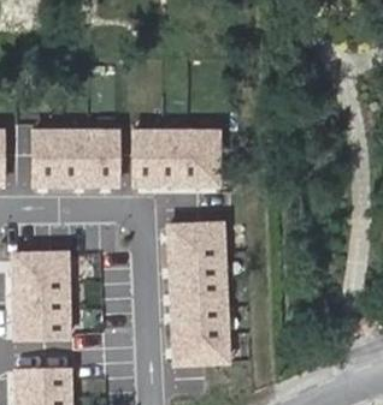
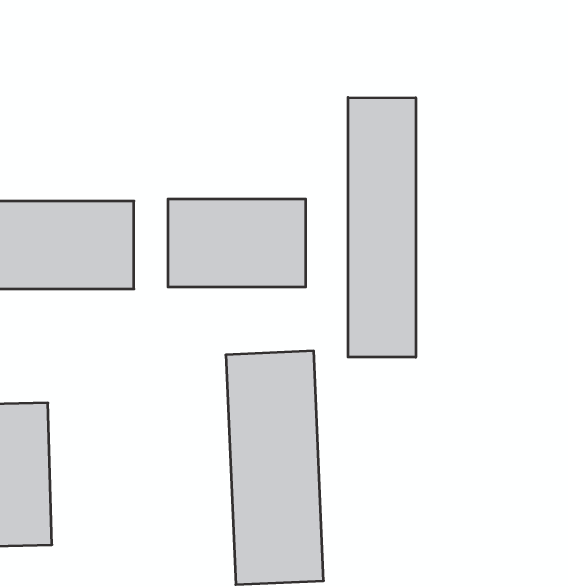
building: none -> [348,97,416,357]

